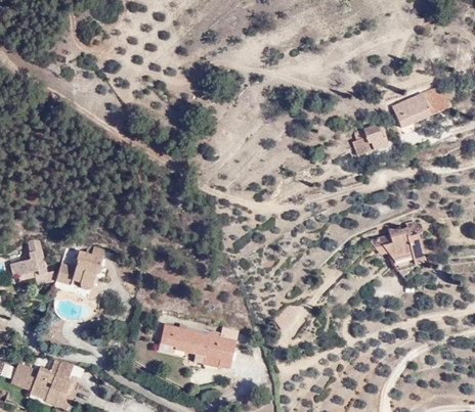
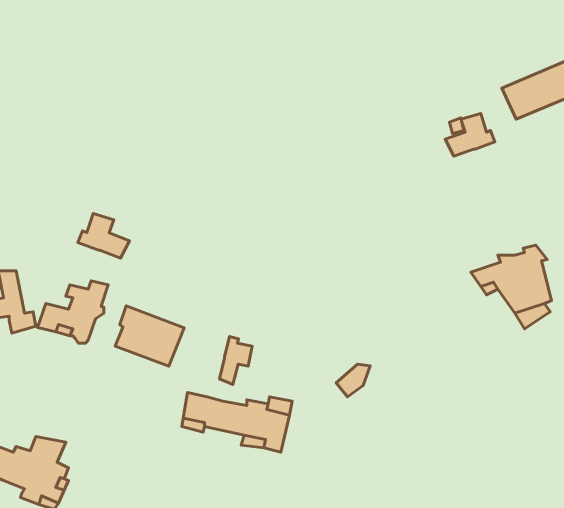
building: none -> [78,213,130,258]
building: none -> [115,306,184,366]
building: none -> [219,336,252,384]

